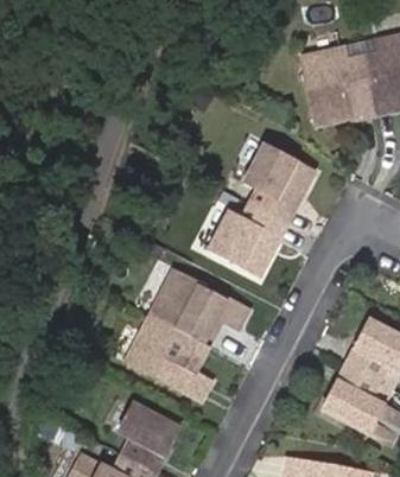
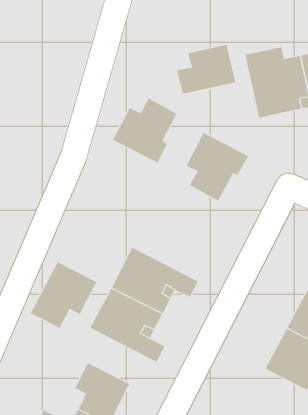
building: none -> [177,44,236,95]
building: [202,204,273,276] -> [112,98,177,163]
building: none -> [30,261,97,329]

